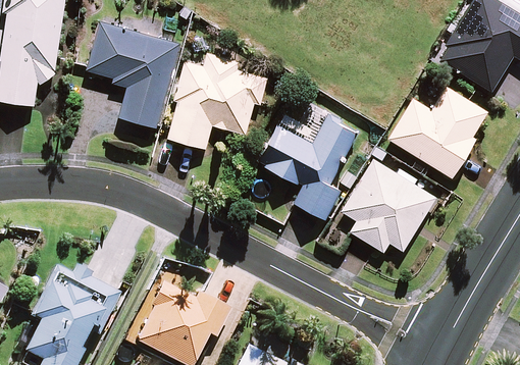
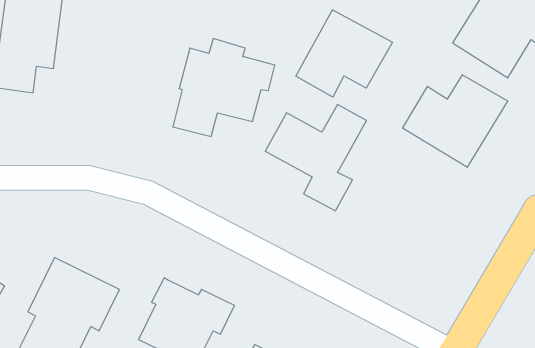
building: [87,21,180,126] -> none
building: none -> [296,10,392,97]
building: [343,144,436,251] -> none

